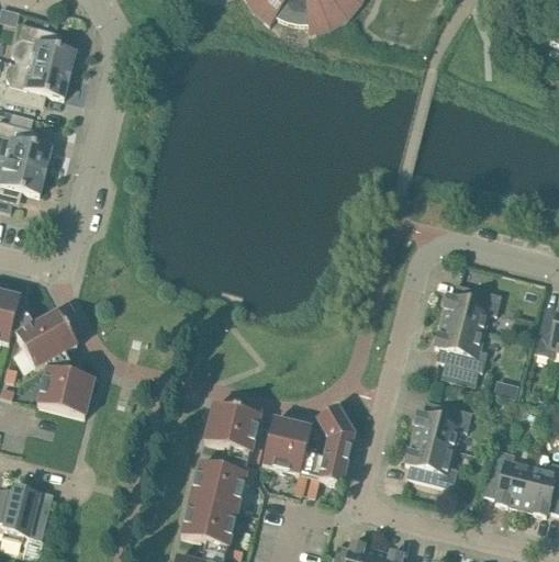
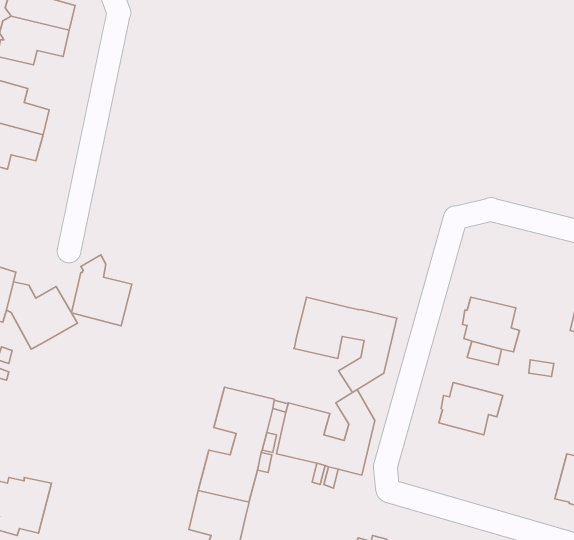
building: [443,282,502,329] -> none
building: none -> [294,297,397,392]
building: [38,350,94,416] -> [71,255,132,326]
building: [405,436,458,486] -> none
building: [483,447,532,506] -> none

